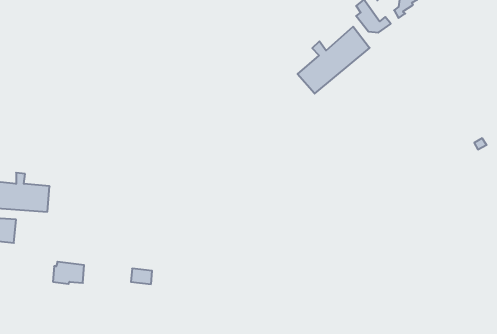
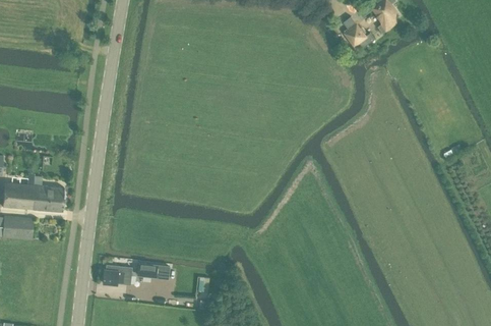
building: [298,27,370,94] -> none
building: [53,262,84,284] -> [103,265,131,285]

